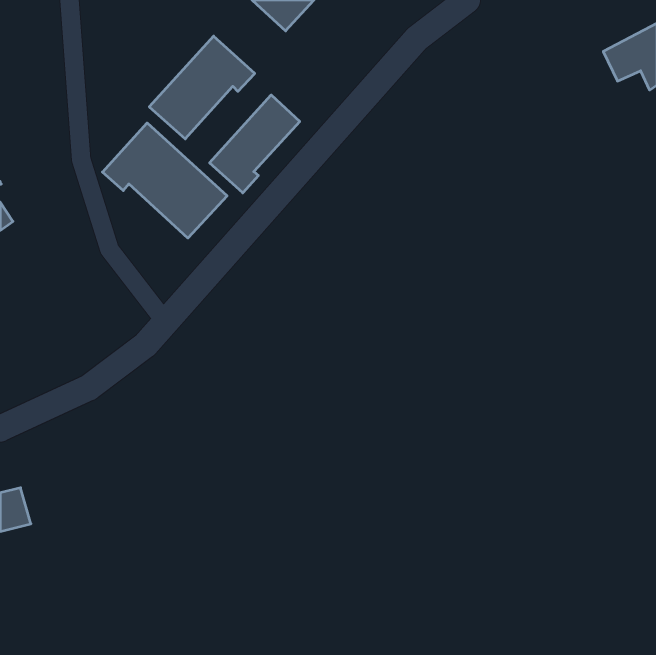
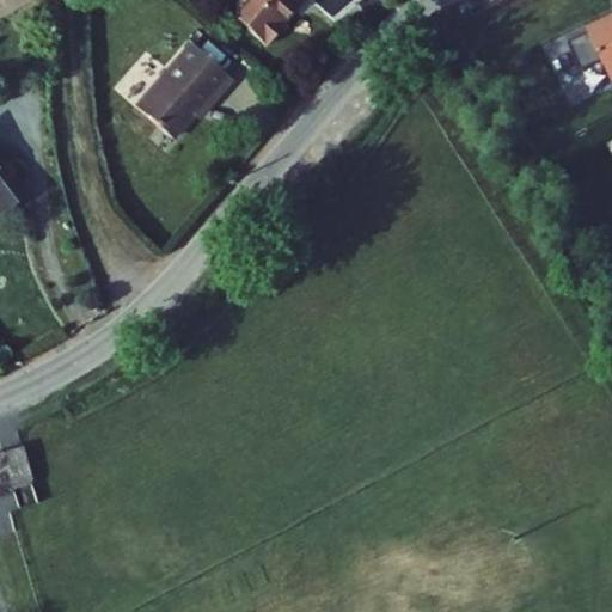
building: [210,95,300,193] -> none
building: [102,123,227,238] -> none

